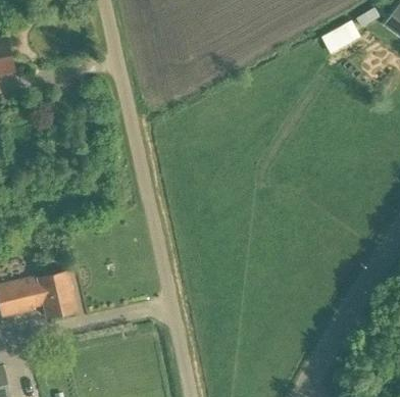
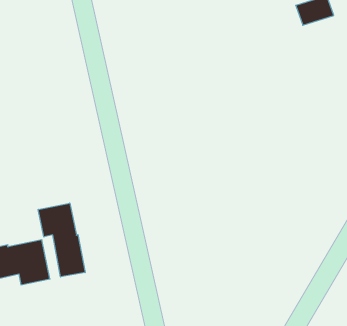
building: none -> [38,203,85,277]

